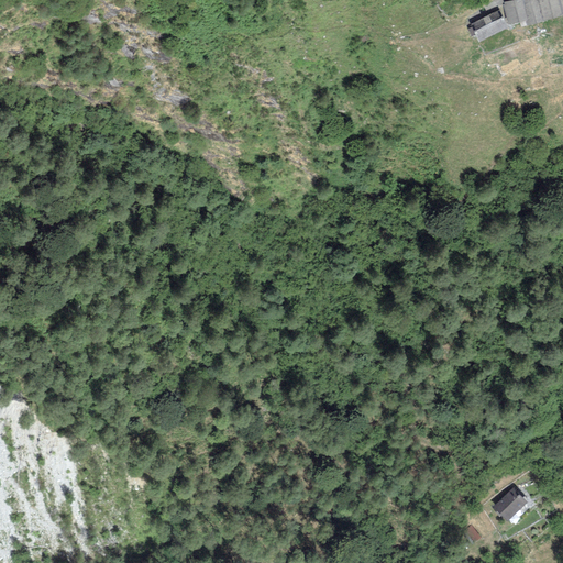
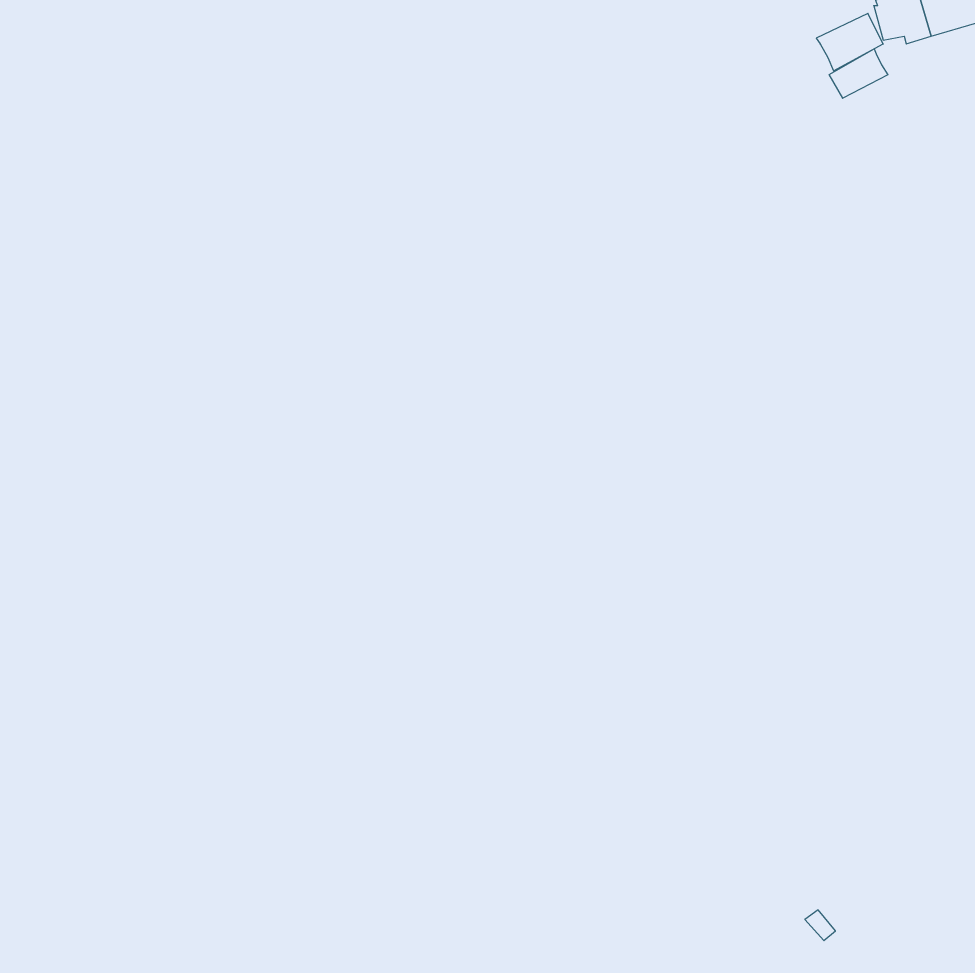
building: none -> [829,49,888,98]
building: [494,486,528,520] -> none

